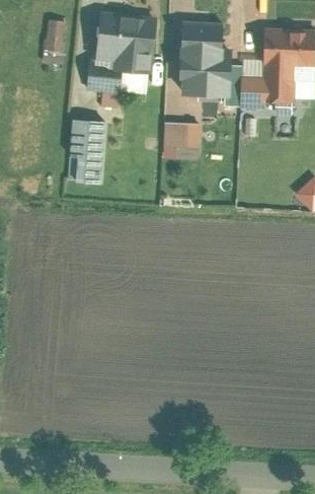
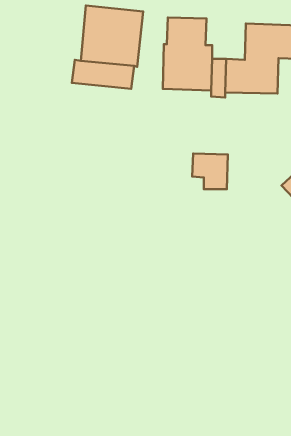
building: [40,19,63,50] -> none
building: [70,118,105,183] -> none
building: [159,122,195,158] -> [192,154,228,189]

